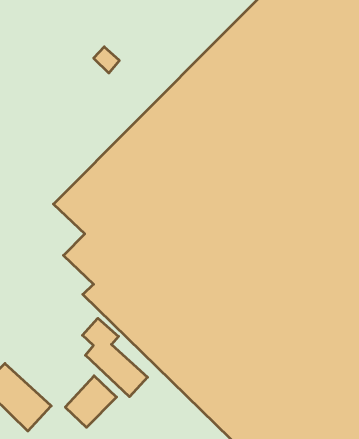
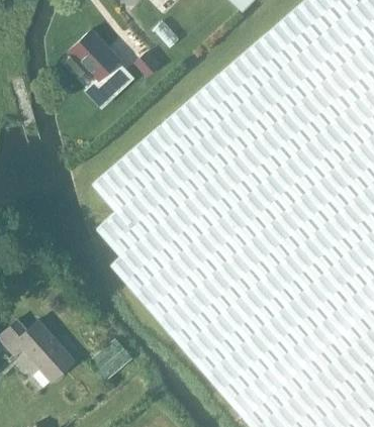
building: none -> [69,29,133,104]
building: [82,318,148,397] -> none

